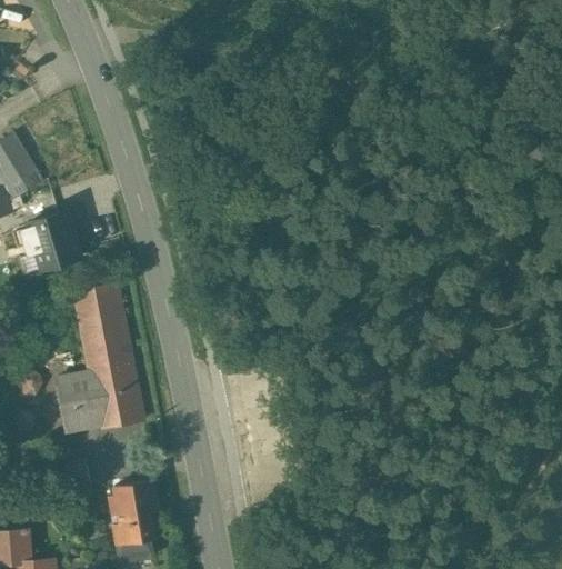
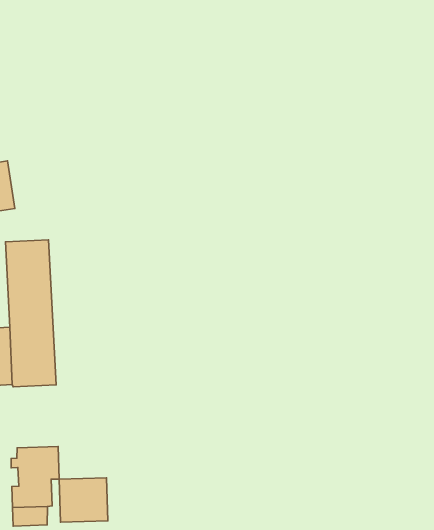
building: none -> [59,478,108,522]

